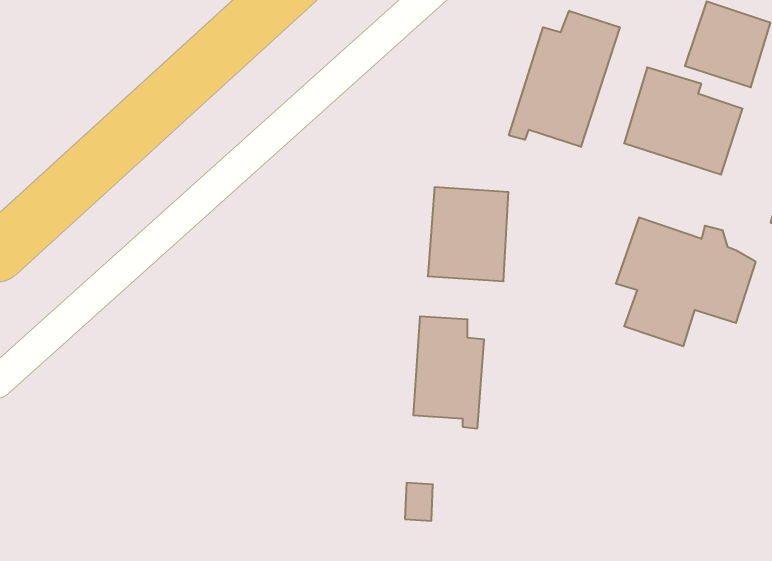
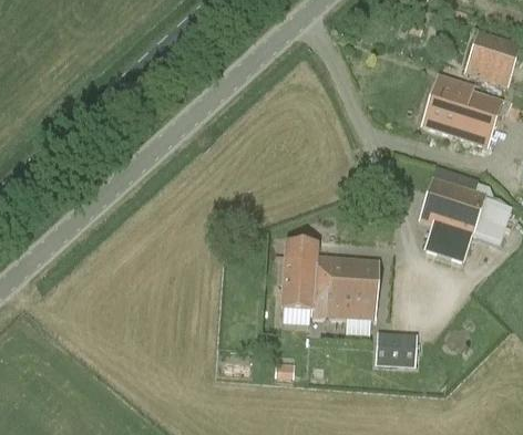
building: [509,11,620,147] -> none
building: [428,187,509,281] -> [325,257,379,320]
building: none -> [376,331,418,362]

